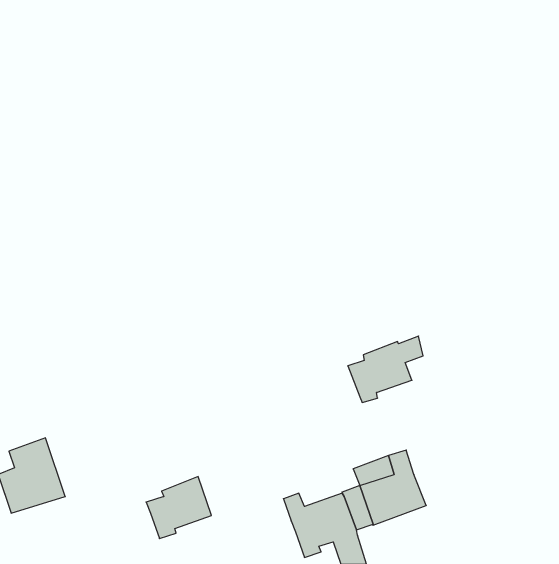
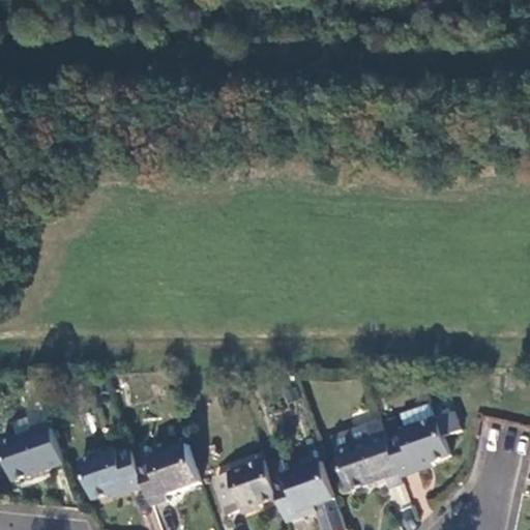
building: [348,336,423,402] -> [387,416,458,478]
building: none -> [78,450,141,495]
building: none -> [213,460,276,517]

